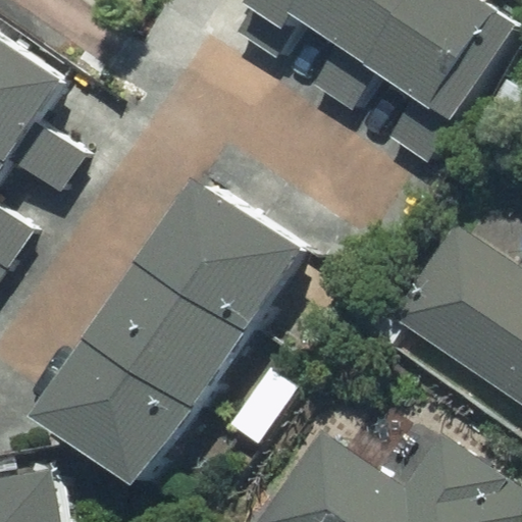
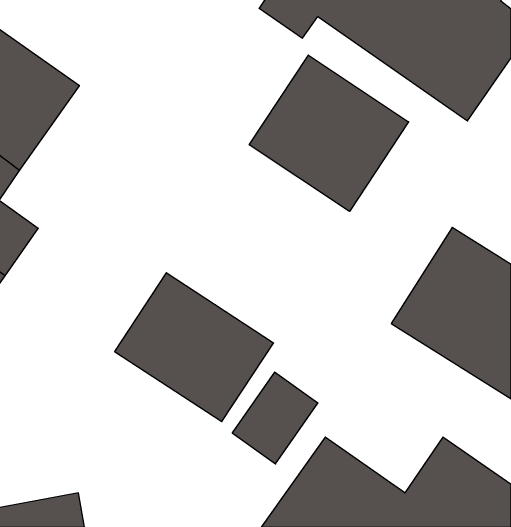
building: none -> [249,55,409,211]
building: [164,179,329,338] -> none
building: [66,347,219,487] -> none

